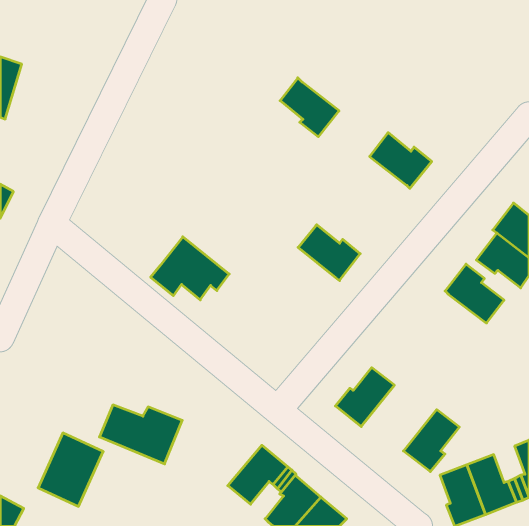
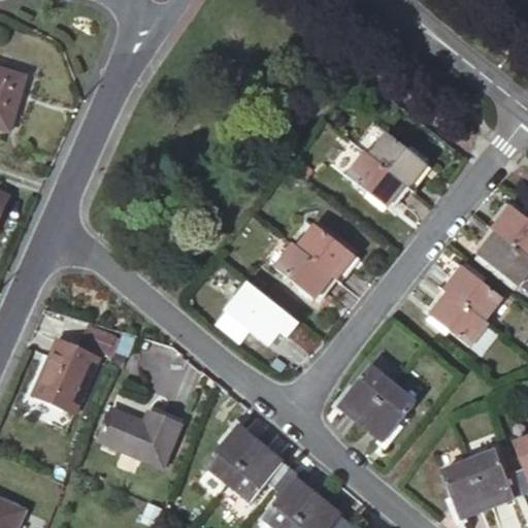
building: [280,78,339,137] -> [346,152,405,210]
building: [151,237,229,300] -> [217,283,295,345]
building: none -> [275,243,334,302]
building: none -> [426,293,488,348]
building: [403,410,459,472] -> [360,384,416,446]
building: none -> [205,422,261,484]
building: [38,433,103,506] -> [33,331,98,404]

